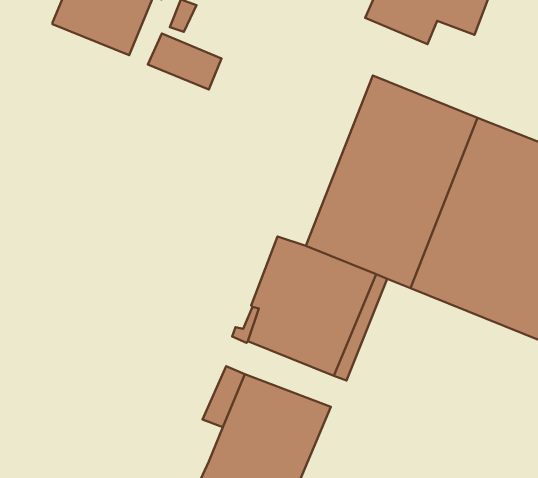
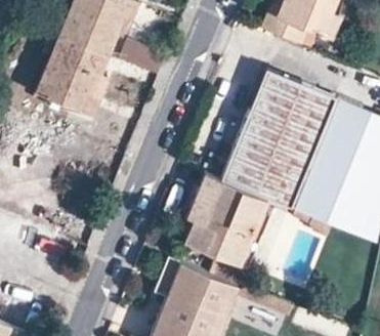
building: none -> [36,35,110,115]

